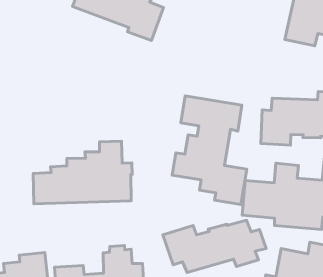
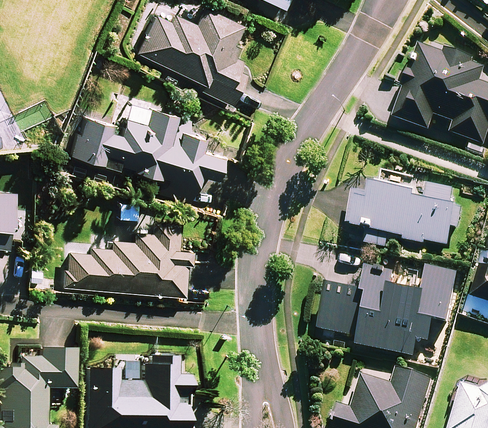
building: none -> [71,102,220,198]
building: [172,96,247,205] -> none
building: [163,220,266,273] -> none

